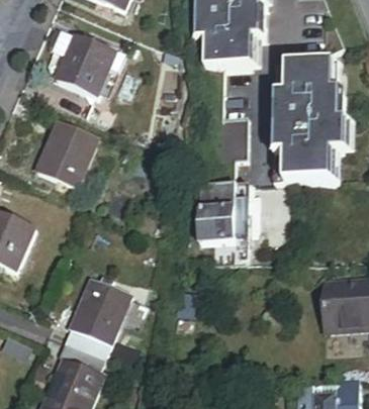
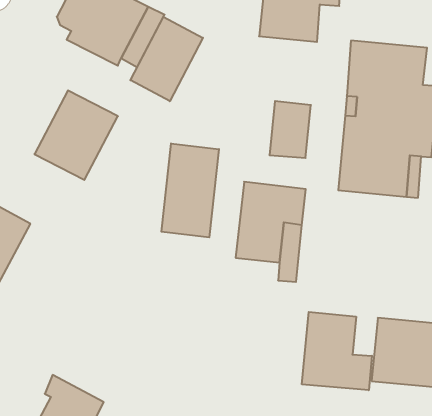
building: none -> [130,17,203,101]
building: none -> [161,143,219,237]
building: [64,279,132,362] -> none
building: none -> [302,312,372,390]

